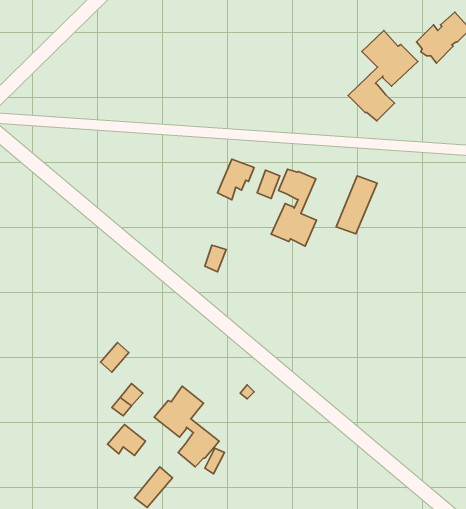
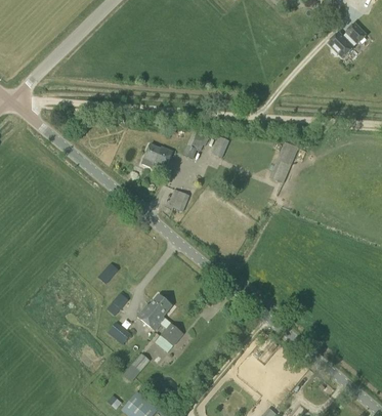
building: [348,30,418,121] -> none
building: [271,169,317,246] -> none
building: none -> [140,142,172,169]

